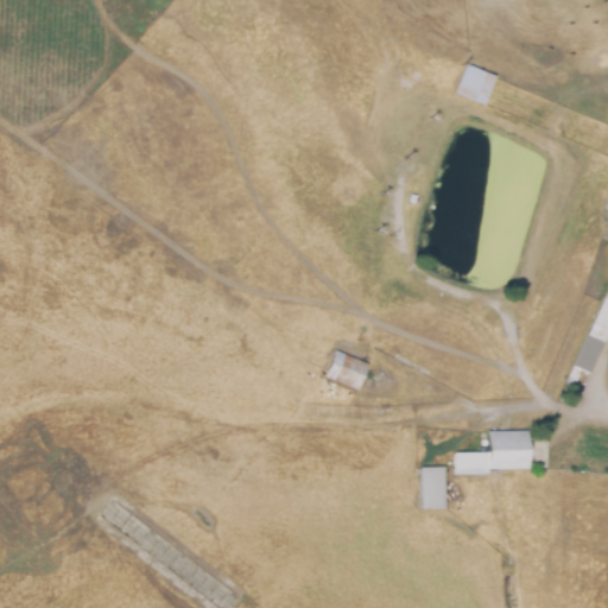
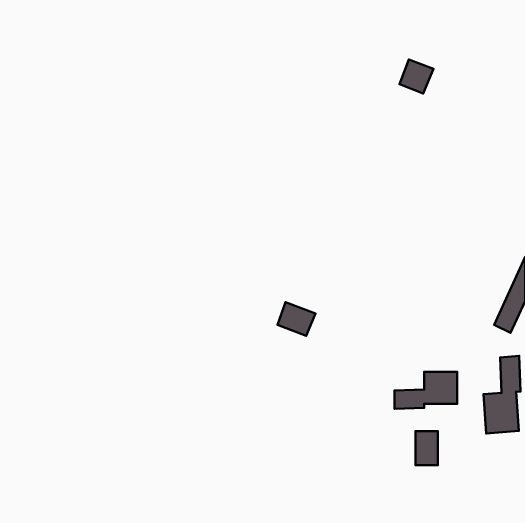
building: none -> [484,356,521,433]
building: [423,466,449,505] -> [415,431,438,465]

